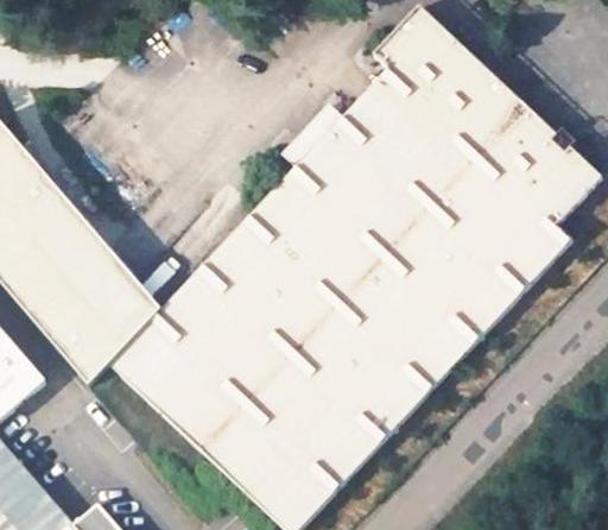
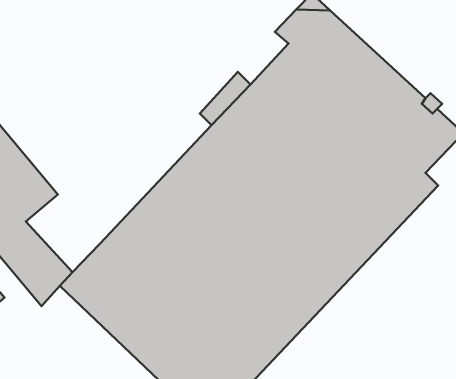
building: [70,252,160,347] -> none

